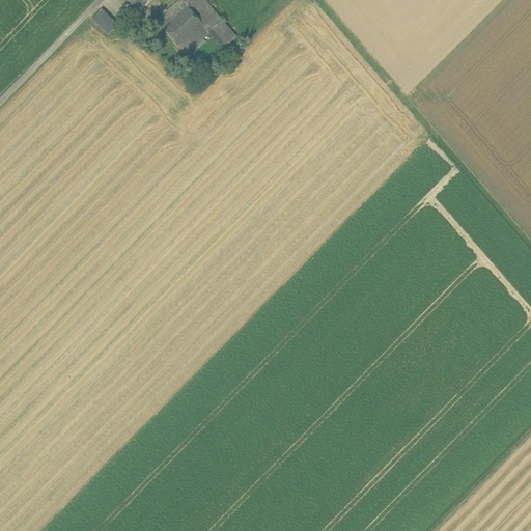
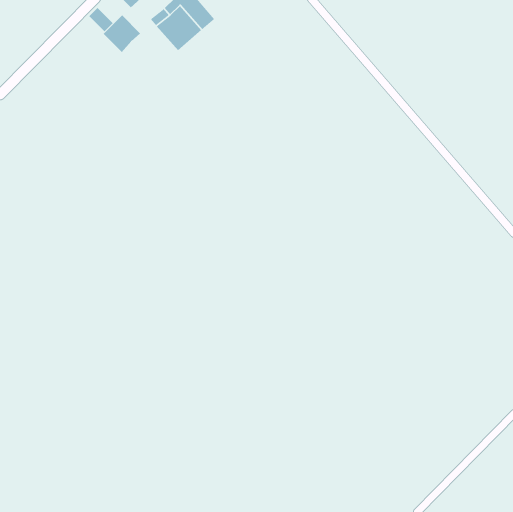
building: none -> [103,15,141,53]
building: [209,19,237,47] -> none

